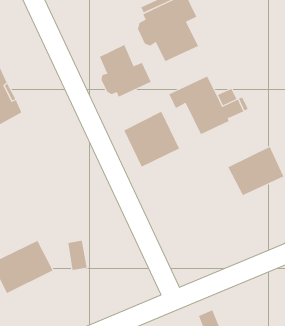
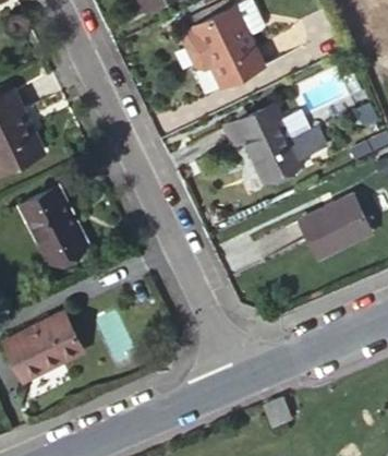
building: [99,44,151,97] -> none
building: [124,111,180,167] -> none
building: none -> [20,187,87,264]

